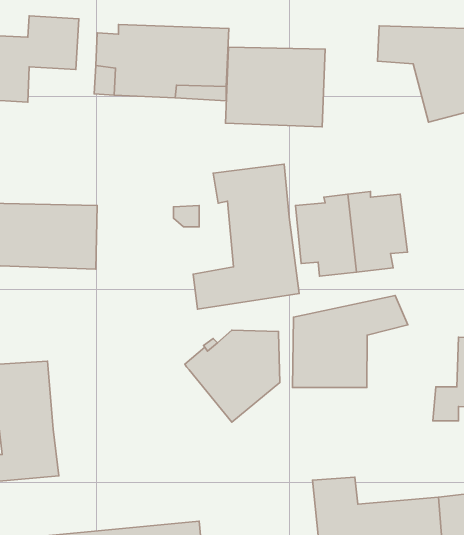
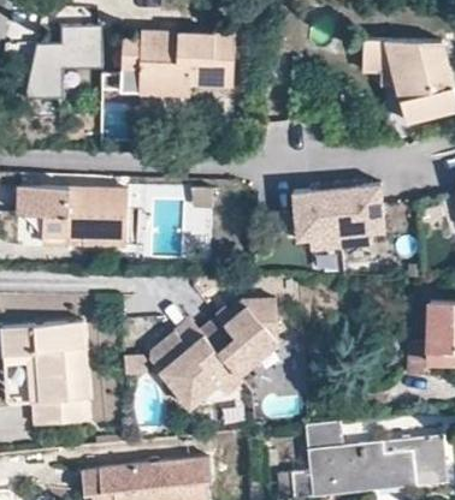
building: [226,47,325,127] -> none
building: [193,164,299,309] -> none
building: [292,295,408,388] -> none
building: none -> [147,328,242,406]

